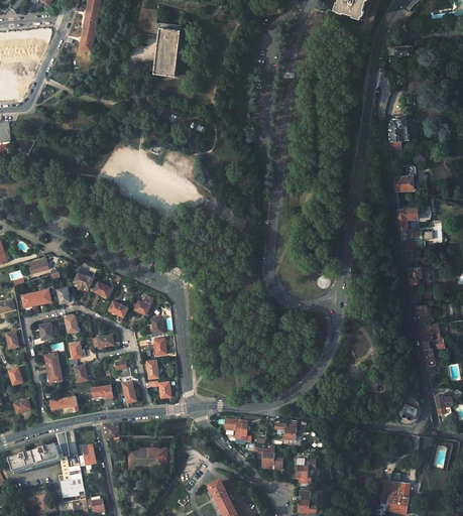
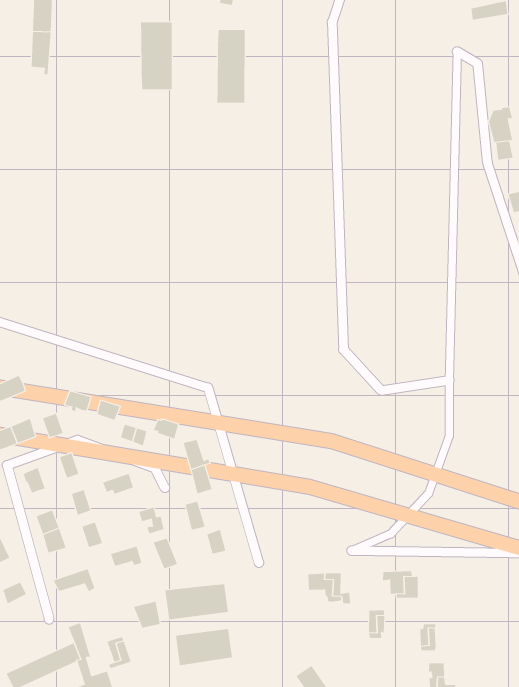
building: none -> [217,29,245,104]
building: none -> [165,583,229,620]

